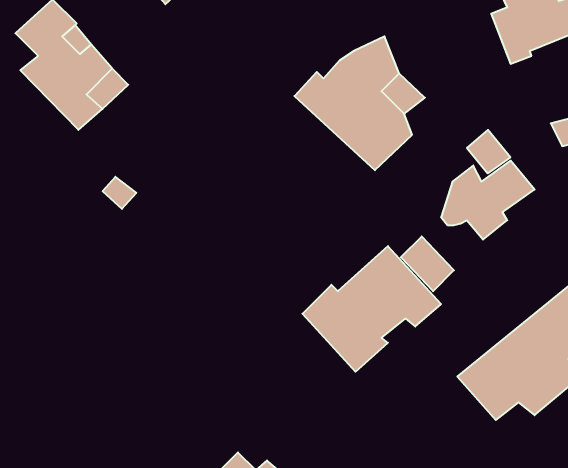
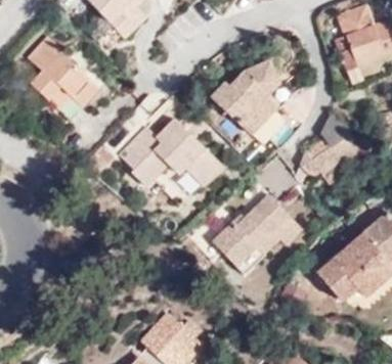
building: none -> [118,117,222,184]

